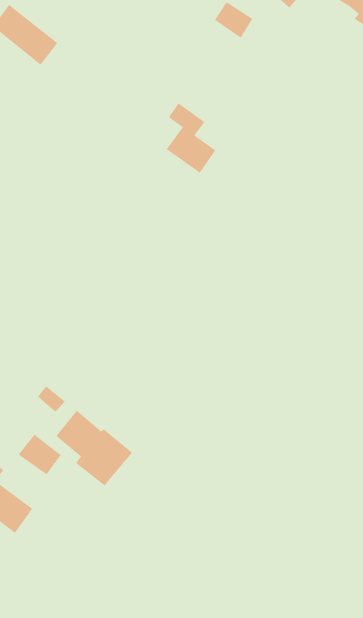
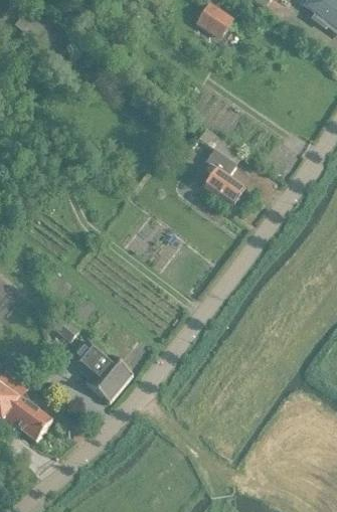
building: [166,103,216,174] -> [204,148,245,206]
building: [18,434,62,475] -> none

